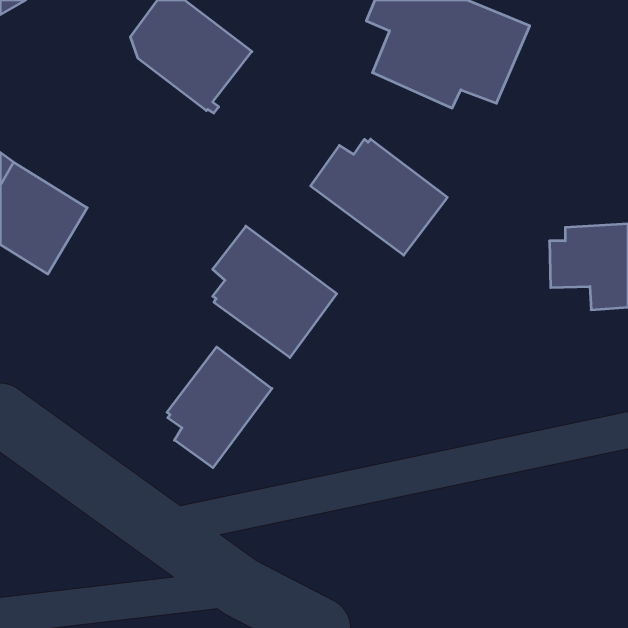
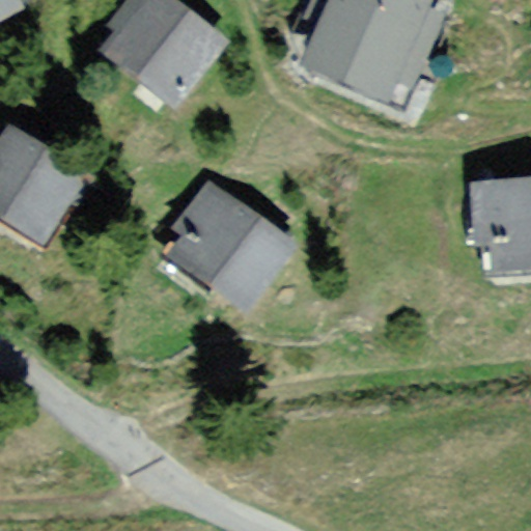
building: [311,139,447,255] -> none
building: [167,347,272,468] -> none

